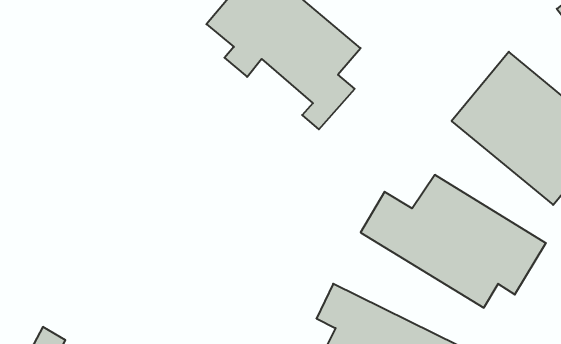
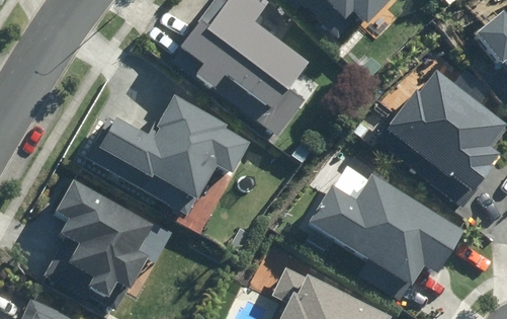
building: none -> [97,92,250,201]
building: none -> [53,179,153,301]

